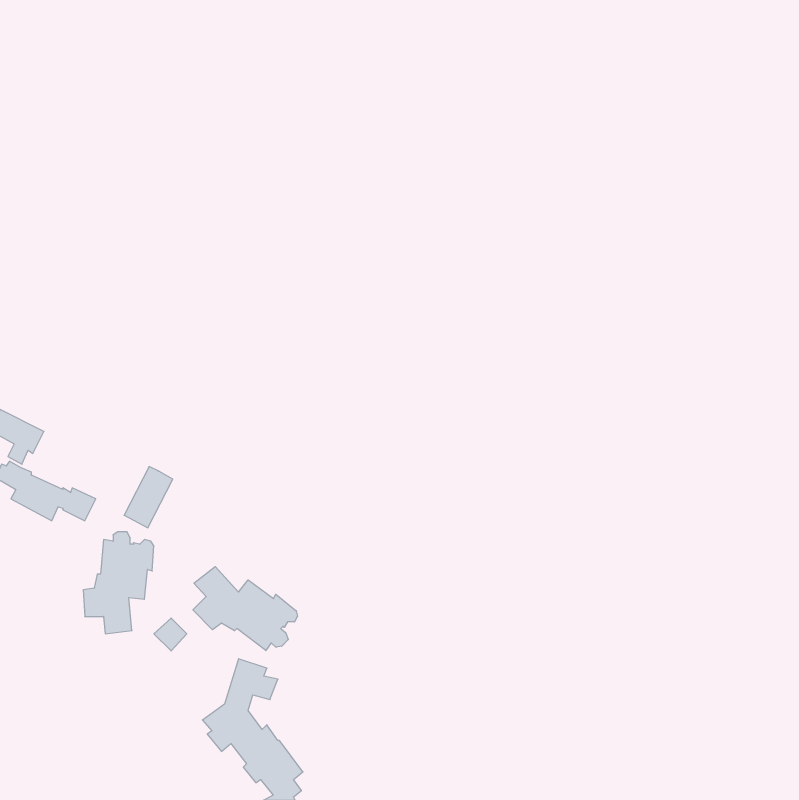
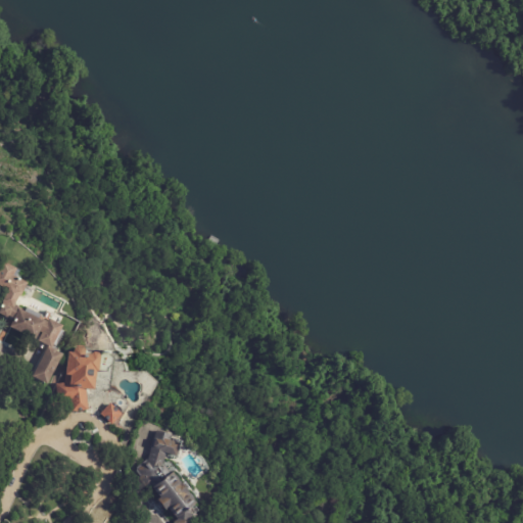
building: [124,467,173,528] -> [33,343,64,383]
building: [193,567,298,651] -> none

